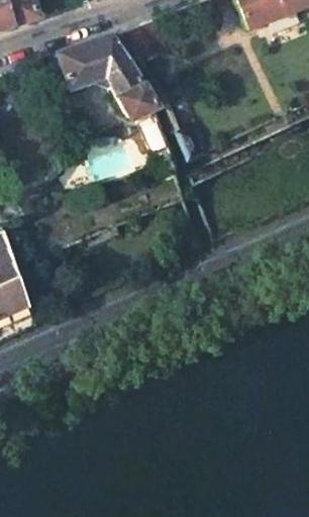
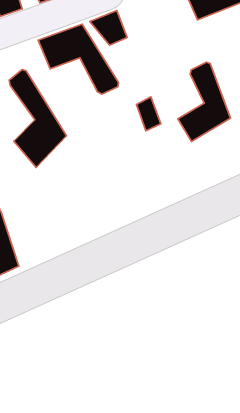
building: none -> [178,62,231,141]
building: none -> [9,69,67,168]

